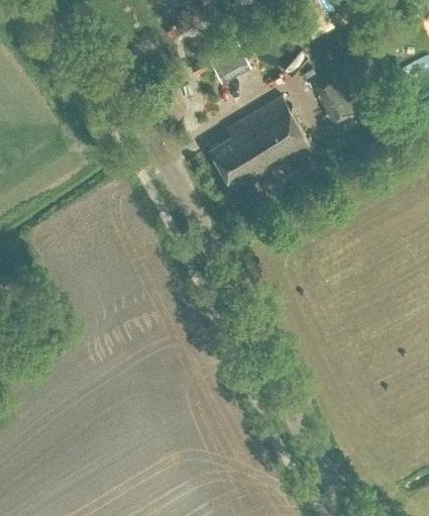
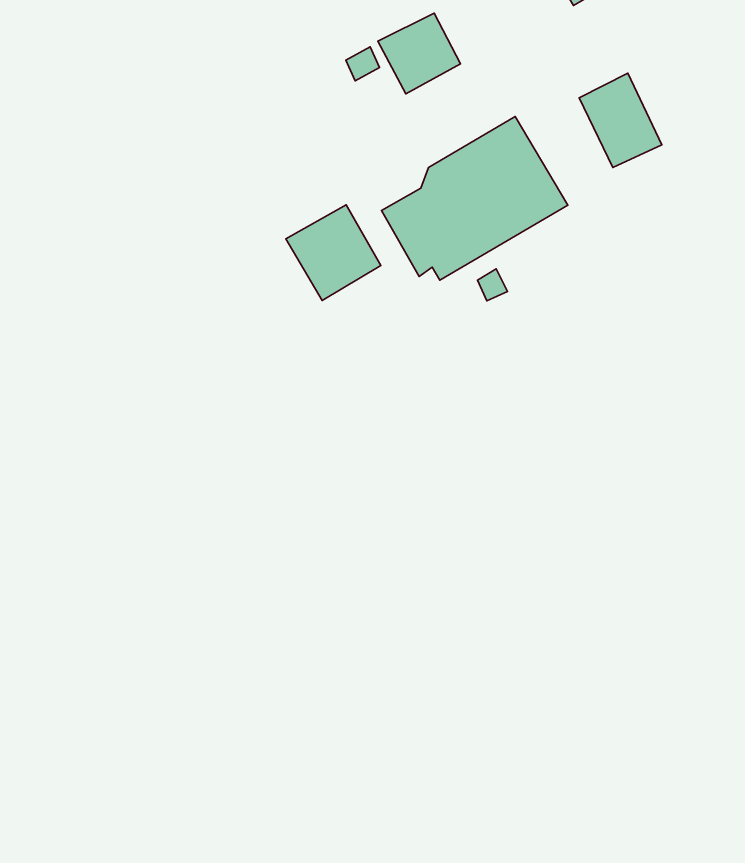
building: none -> [286,205,381,300]

